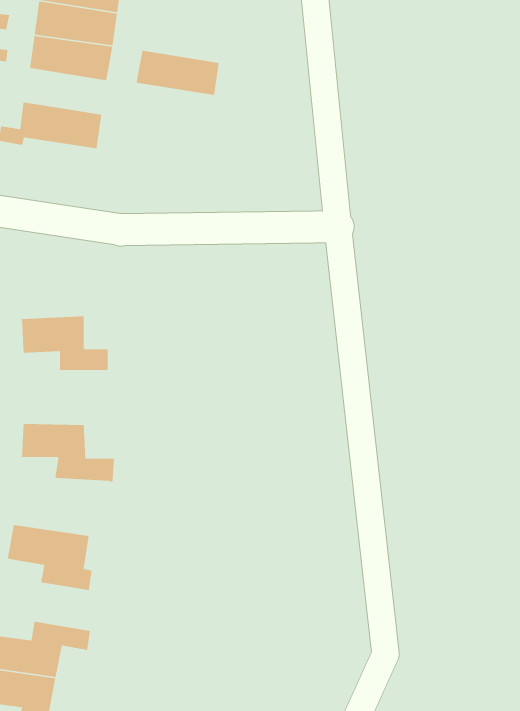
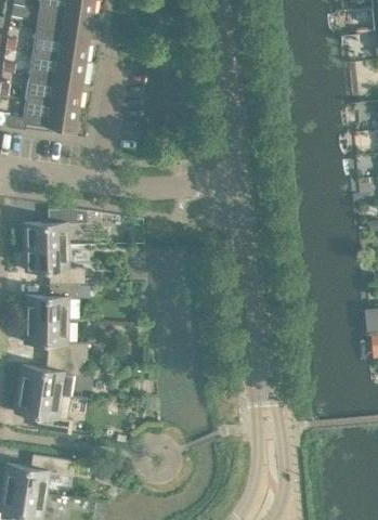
building: [136,50,220,96] -> [25,77,82,108]
building: none -> [24,209,87,248]
building: none -> [25,284,74,321]
building: none -> [18,357,83,396]

